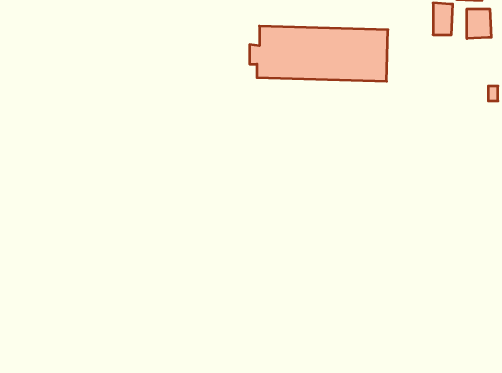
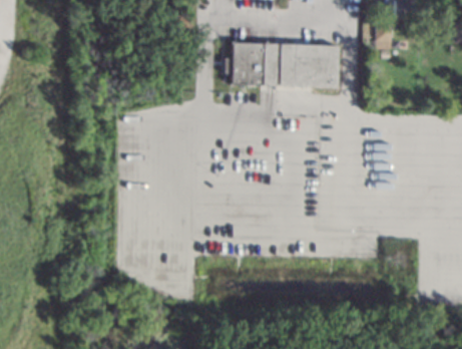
building: [467,9,491,39] -> none

